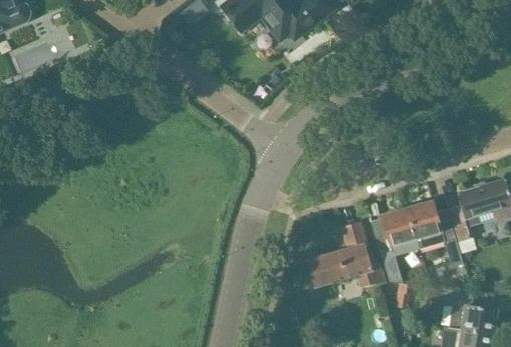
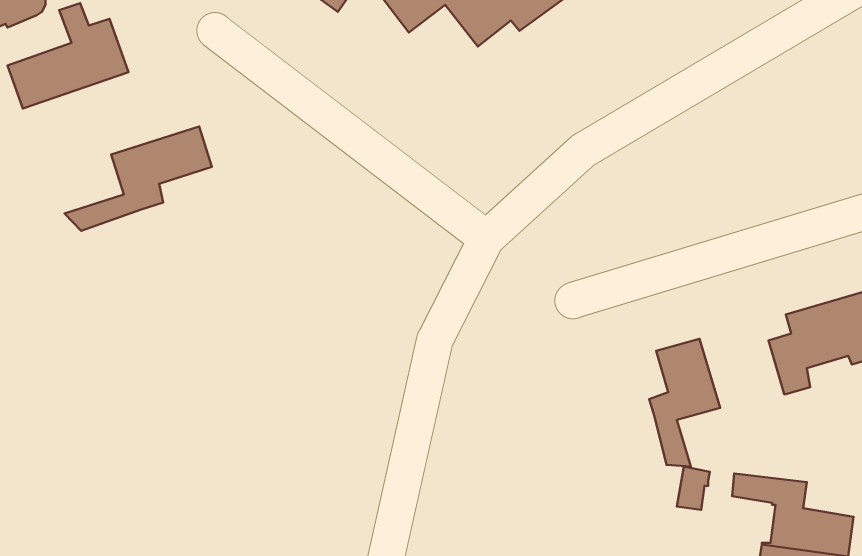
building: none -> [65,127,212,231]
building: [408,200,464,265] -> none
building: [308,222,385,286] -> none

